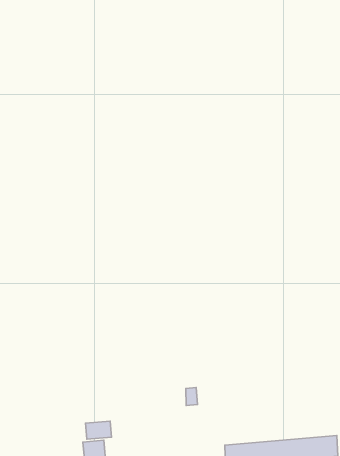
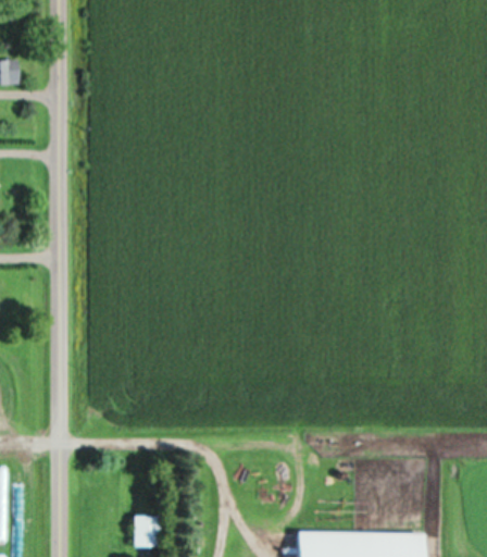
building: [85,421,111,439] -> none

